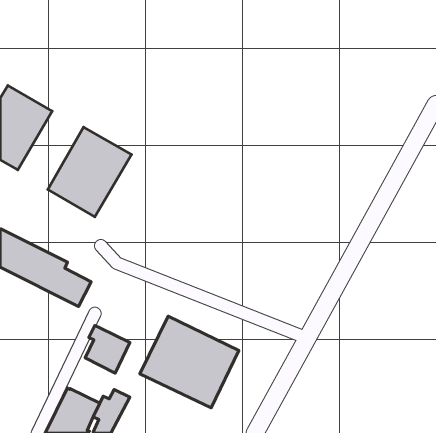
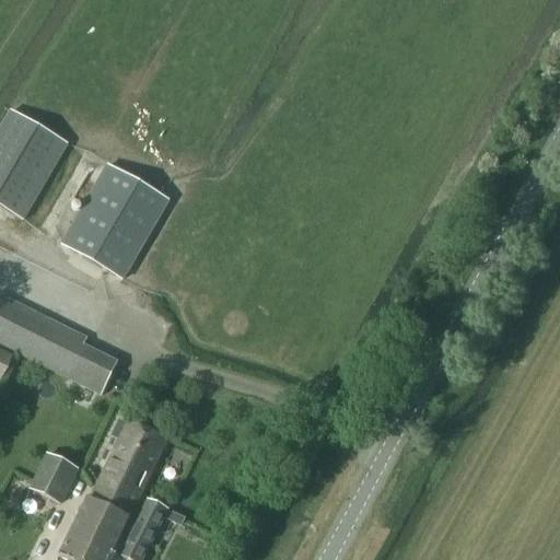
building: [140,316,239,408] -> none
building: none -> [30,453,77,502]
building: none -> [90,458,148,516]

